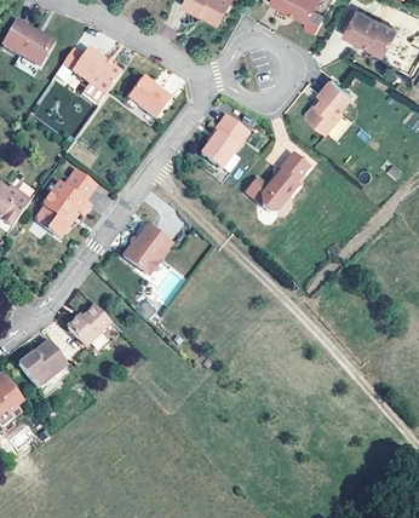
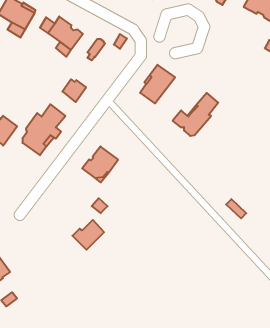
building: [305,79,351,133] -> none
building: [138,87,171,119] -> [62,79,86,102]
building: [65,306,109,347] -> [72,220,104,250]
building: [16,339,65,387] -> none

